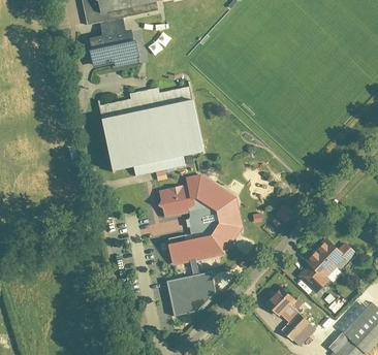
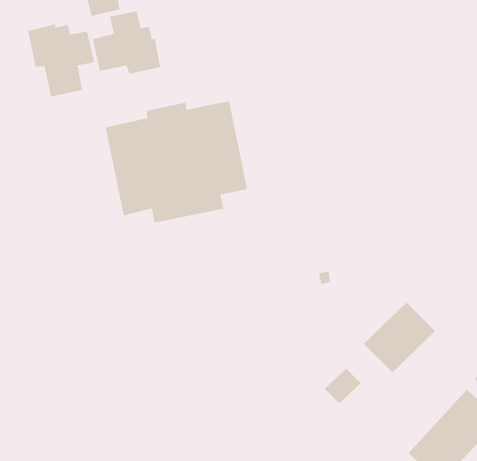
building: none -> [27,23,95,97]
building: [160,174,245,314] -> none
building: [276,308,310,343] -> none

